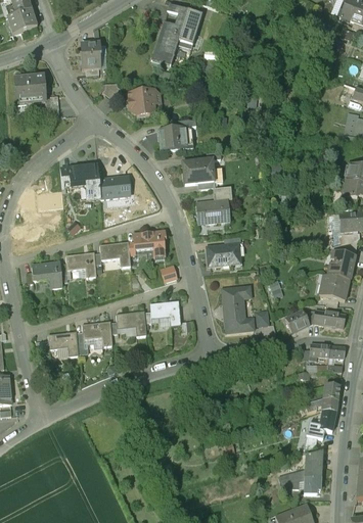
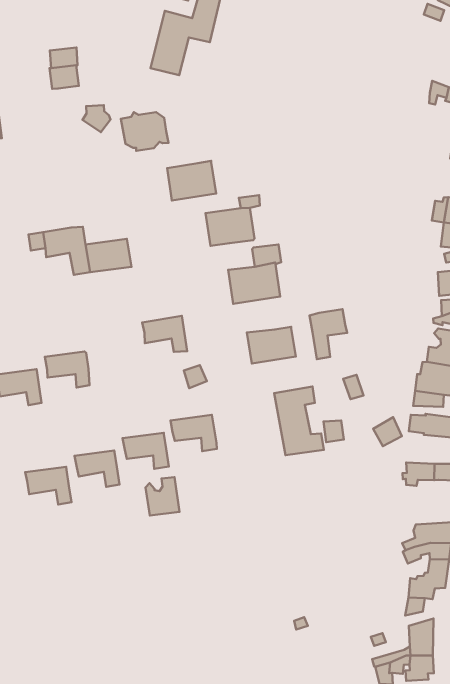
building: none -> [310,309,347,359]
building: [99,242,130,267] -> none
building: none -> [146,477,180,516]

